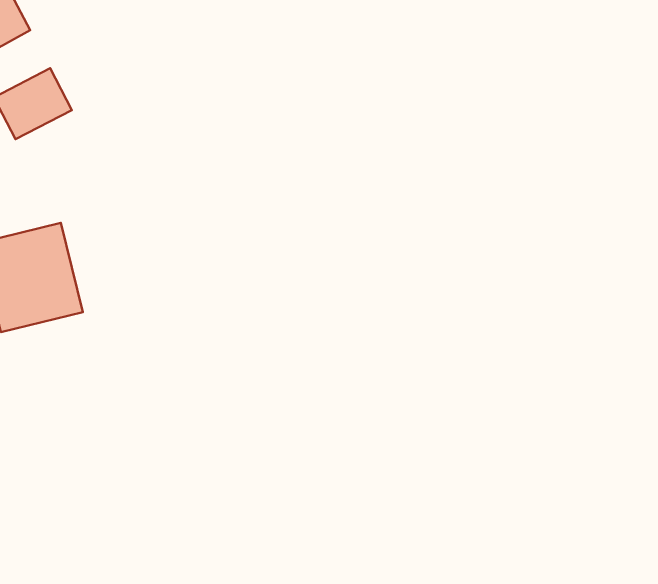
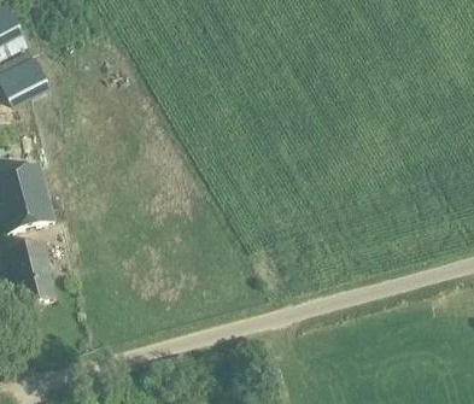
building: none -> [11,242,57,300]

